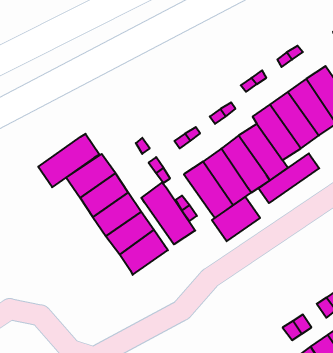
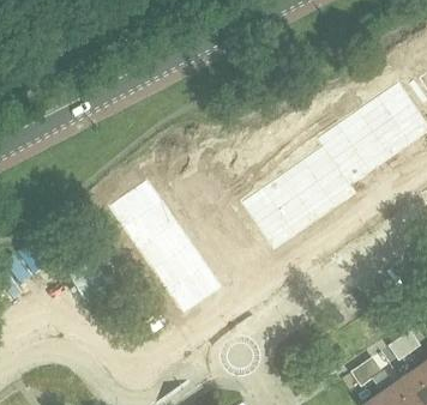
building: [38,134,99,187] -> none
building: [258,153,319,203] -> none
building: [141,183,195,244] -> none
building: [212,197,260,241] -> none

